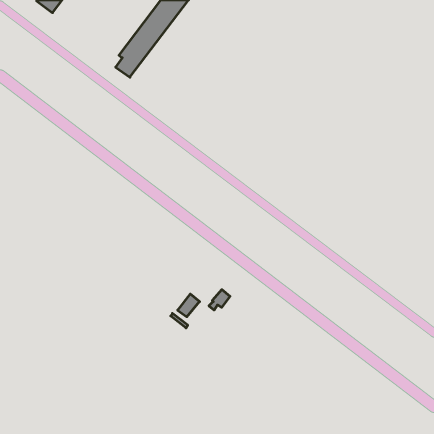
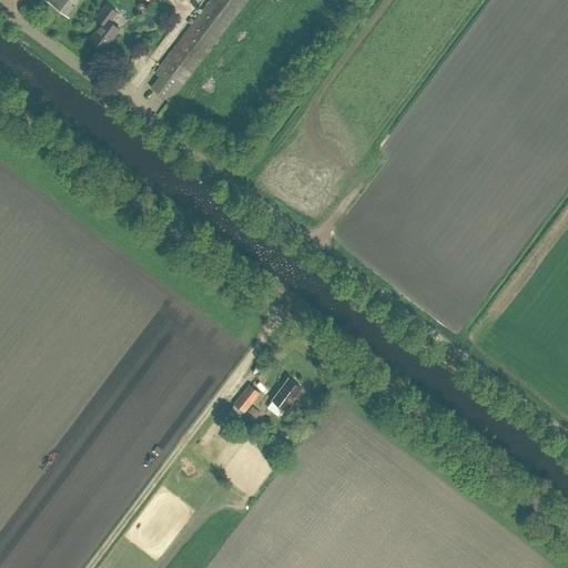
building: none -> [90,4,120,49]

